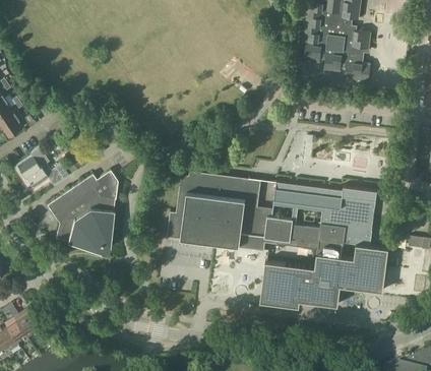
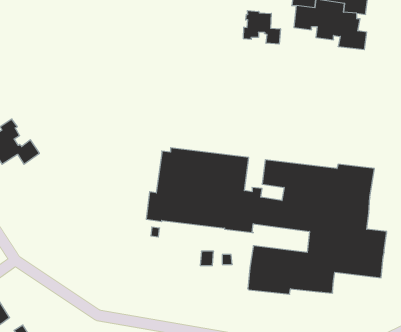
building: none -> [243,11,280,44]
building: [47,168,119,250] -> none

